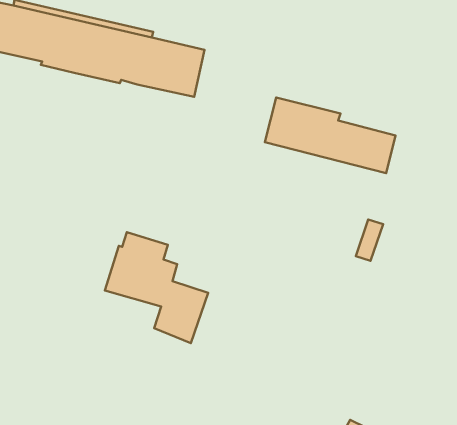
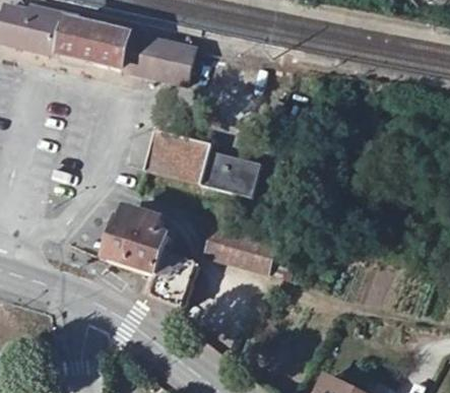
building: [265,98,395,173] -> [144,129,260,196]
building: none -> [205,226,274,271]

